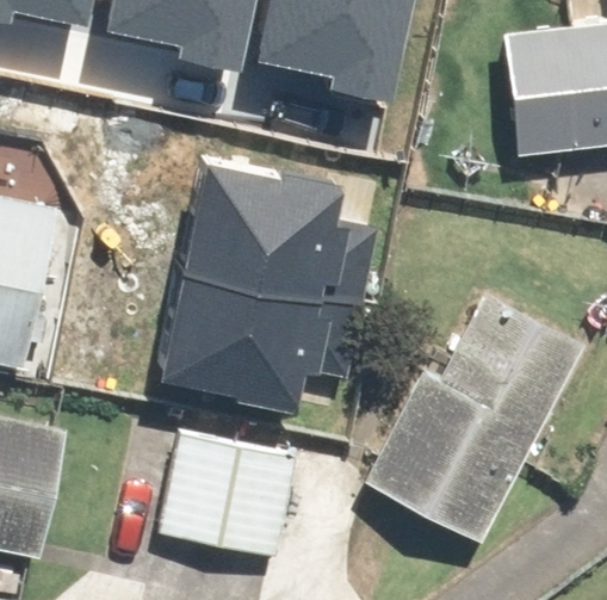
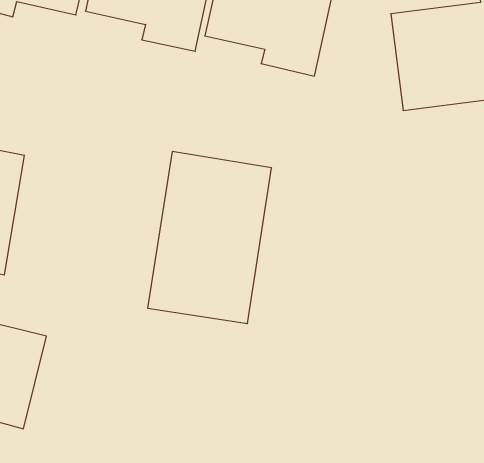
building: [380,296,574,521] -> none
building: [162,435,292,549] -> none

